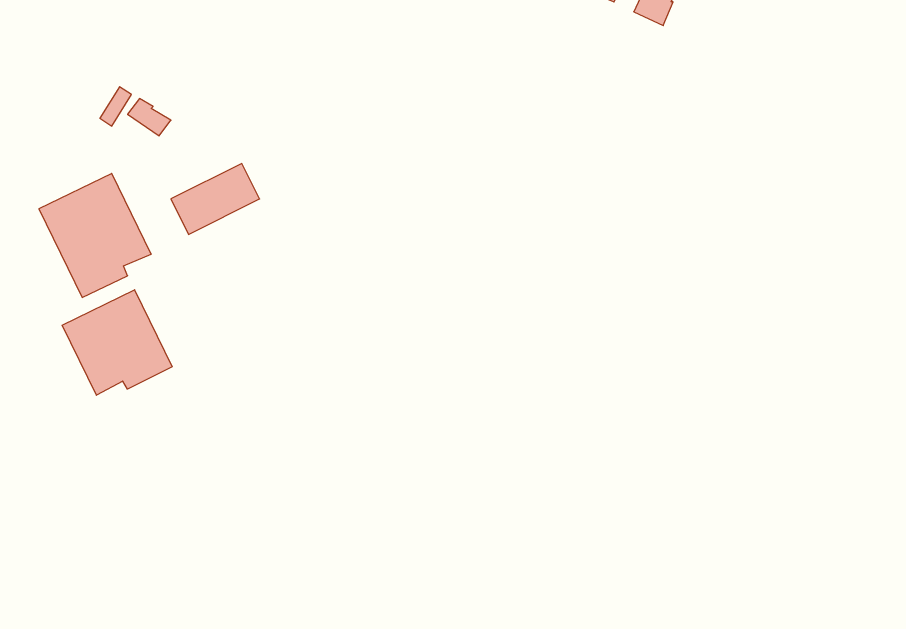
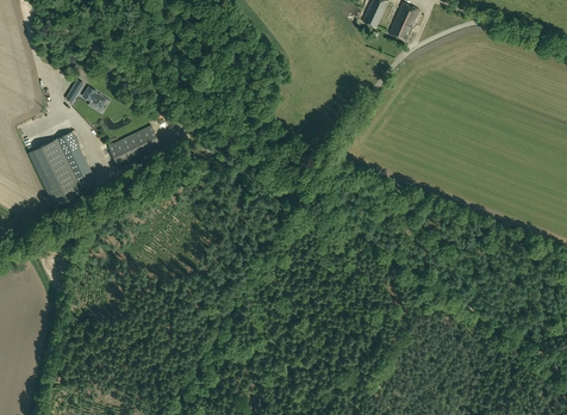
building: [62,290,172,395] -> none

